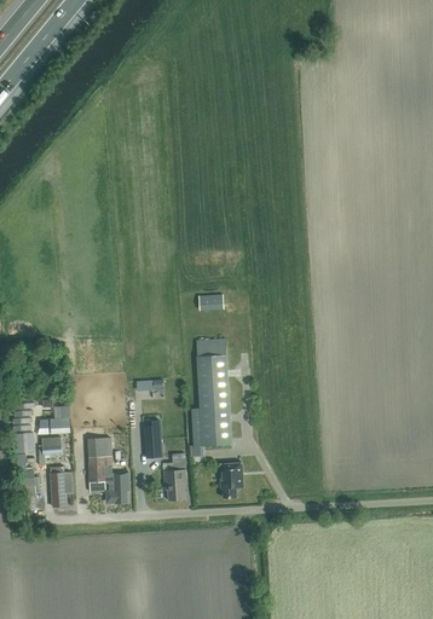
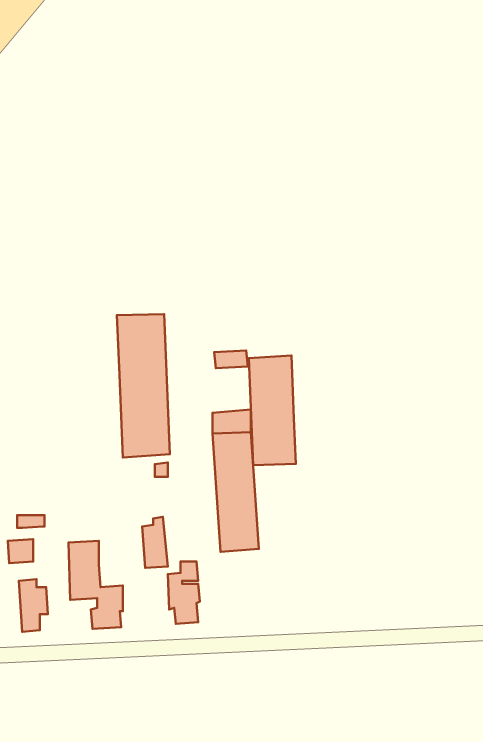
building: none -> [117,314,170,457]
building: none -> [249,356,296,465]
building: [219,463,242,498] -> none

